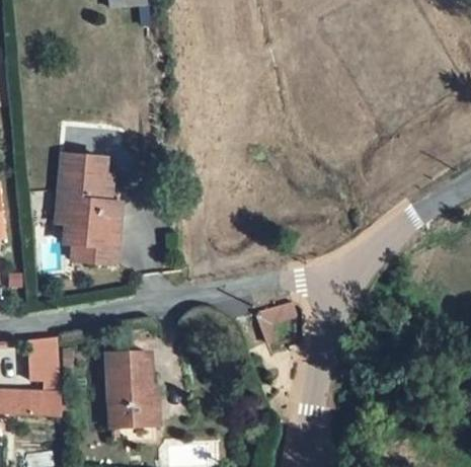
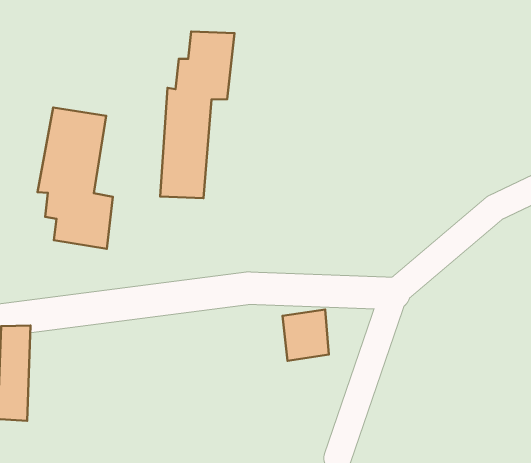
building: none -> [160,31,235,198]
building: [107,354,153,427] -> none

